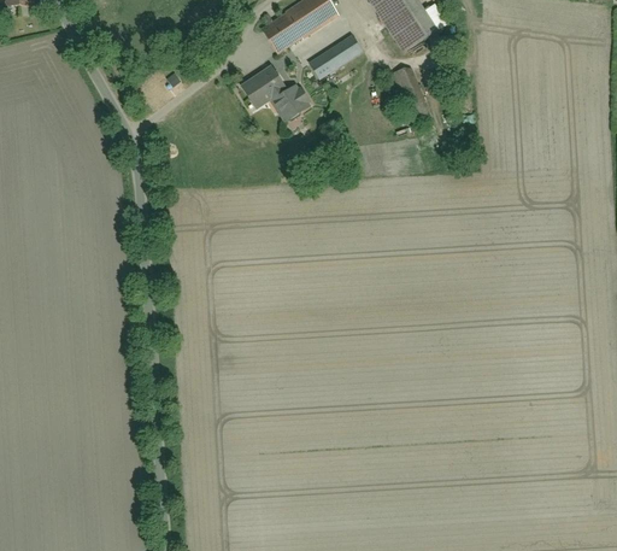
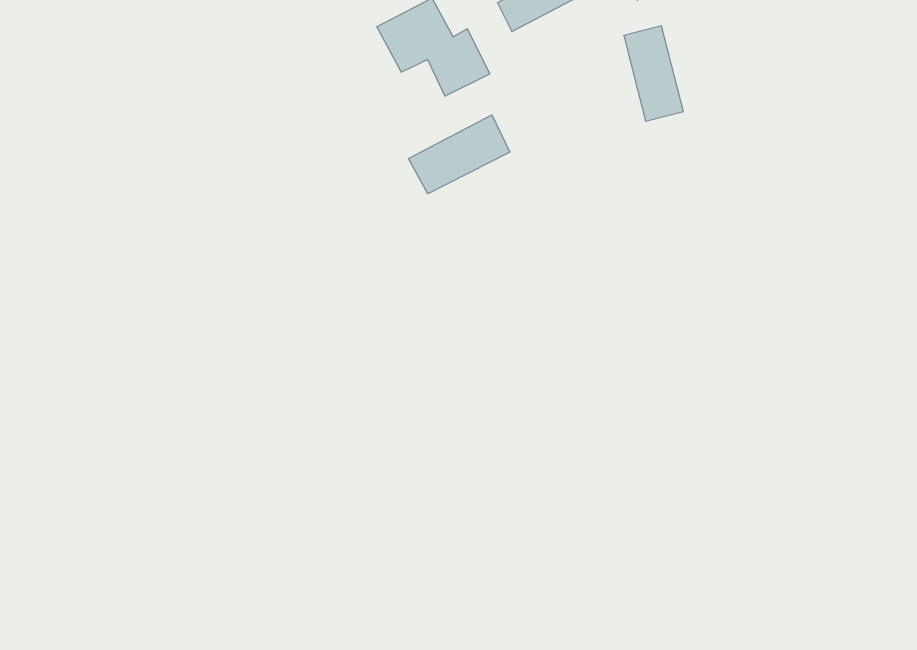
building: none -> [409,115,510,194]

